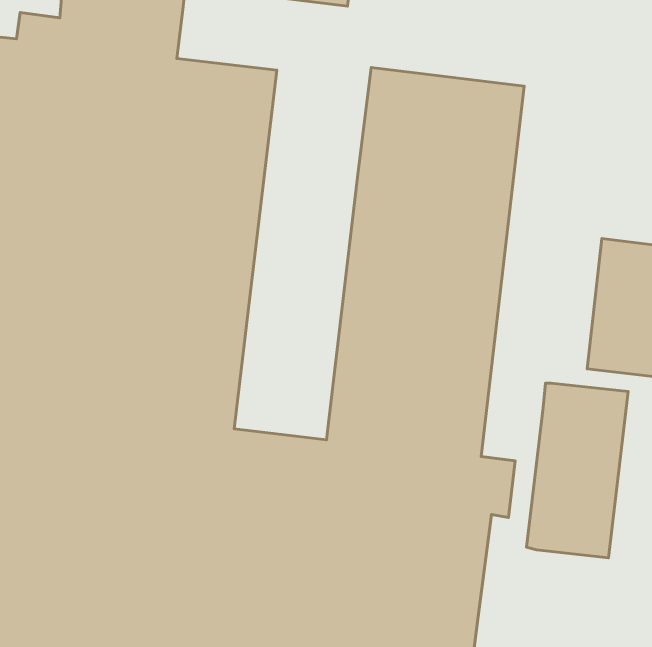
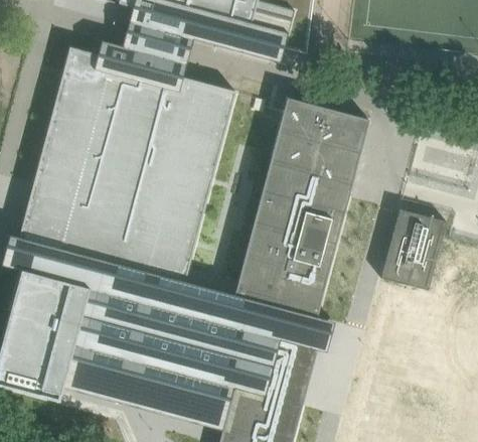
building: [526,383,628,558] -> none

